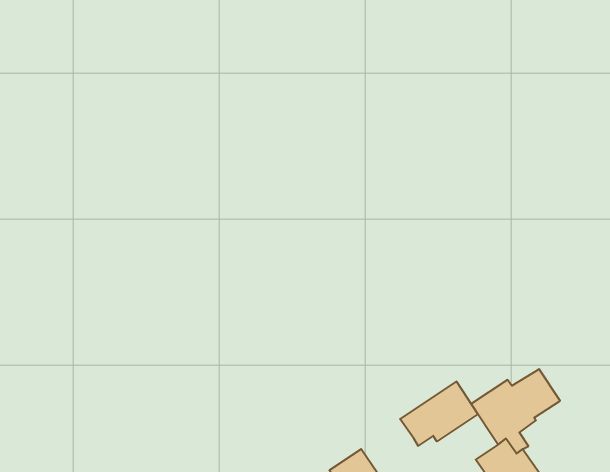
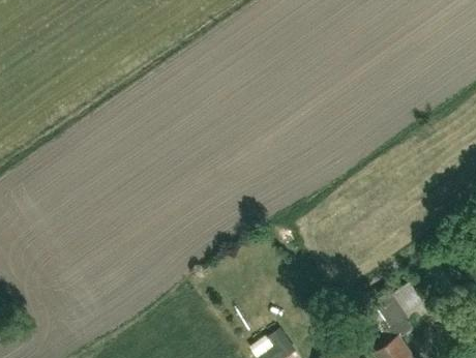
building: [400,381,478,446] -> none

